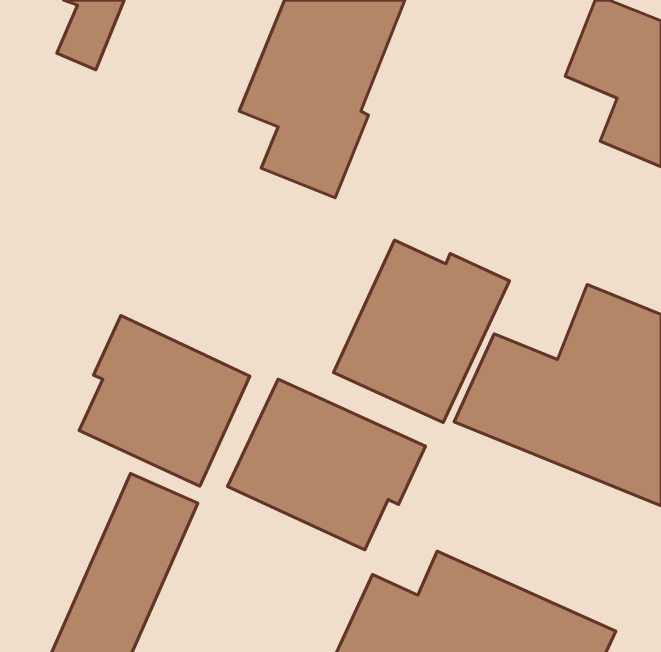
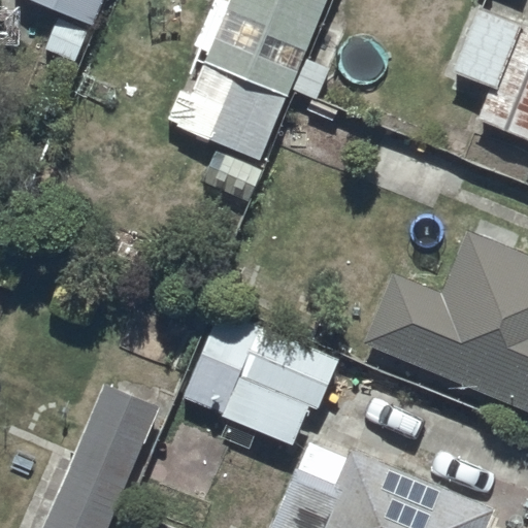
building: [333,240,510,422] -> none
building: [79,316,250,486] -> none

